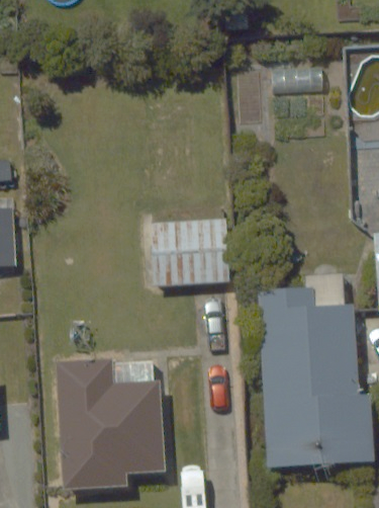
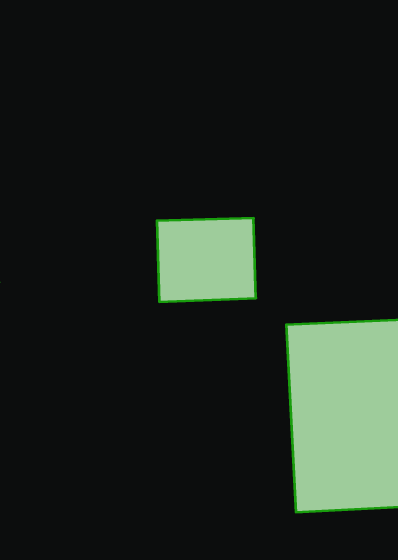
building: [55,356,160,484] -> none

